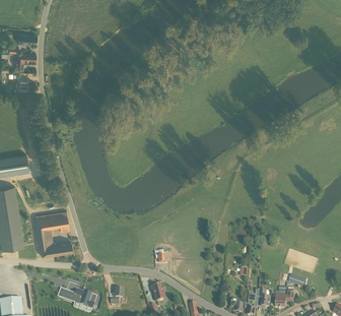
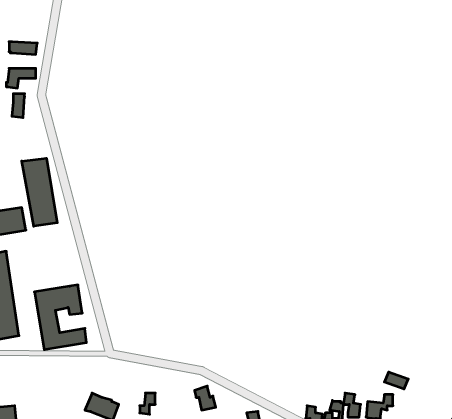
building: none -> [22,158,57,226]

